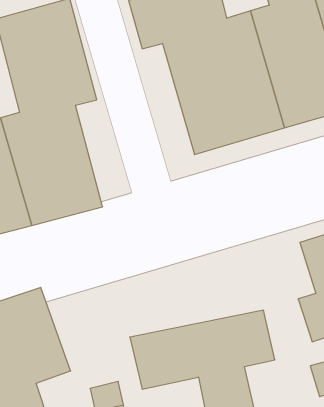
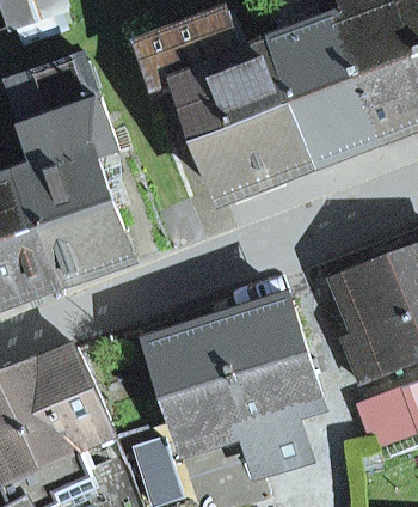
building: none -> [154,301,306,392]

